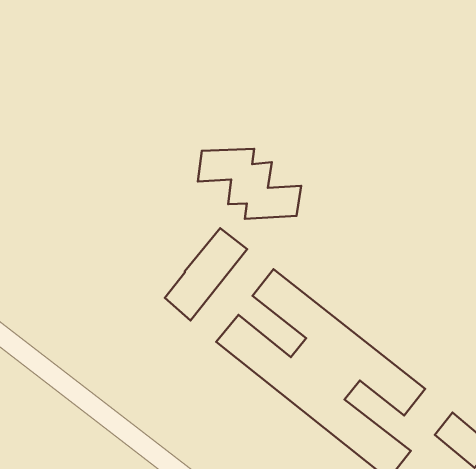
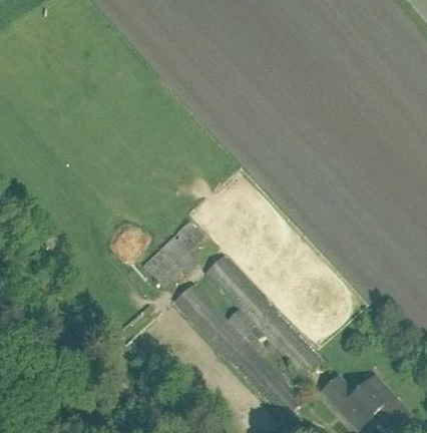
building: [198,149,301,219] -> none

